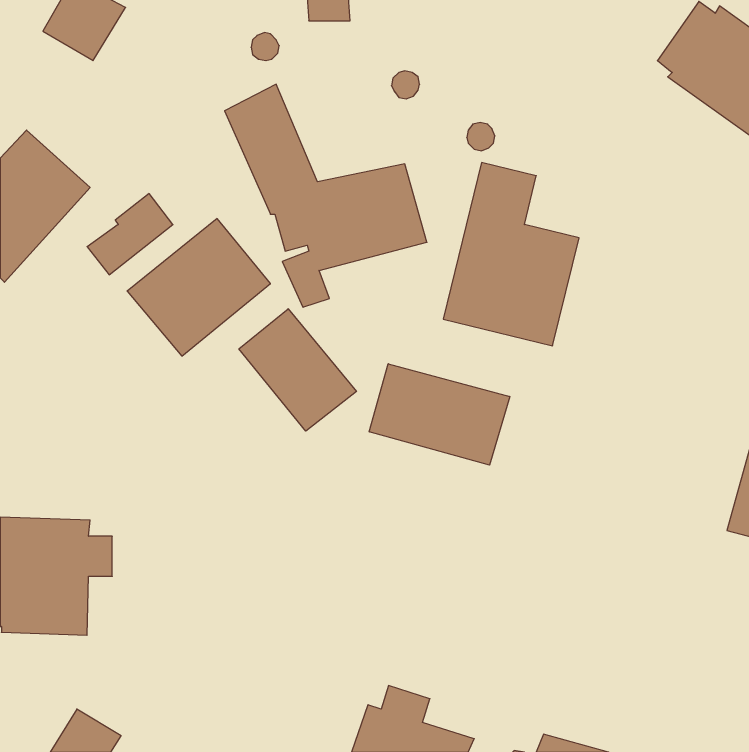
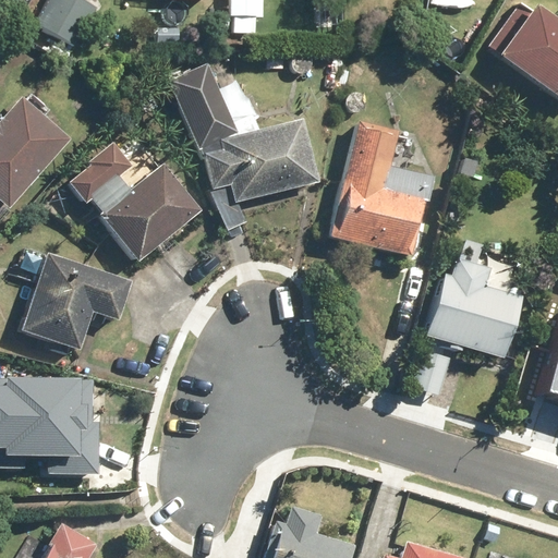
building: [239,309,356,431] -> none
building: none -> [20,251,132,351]
building: [369,364,510,465] -> none
building: none -> [409,274,521,393]

